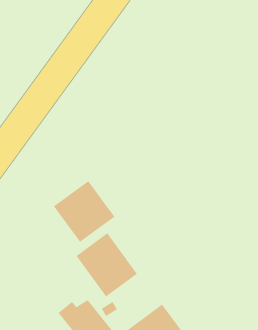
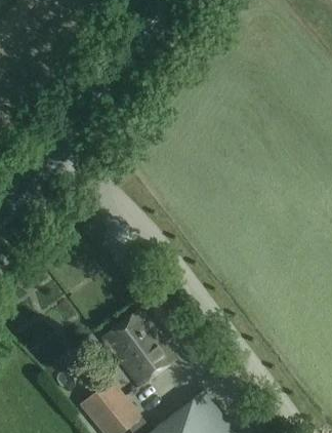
building: [53,180,115,243] -> none

